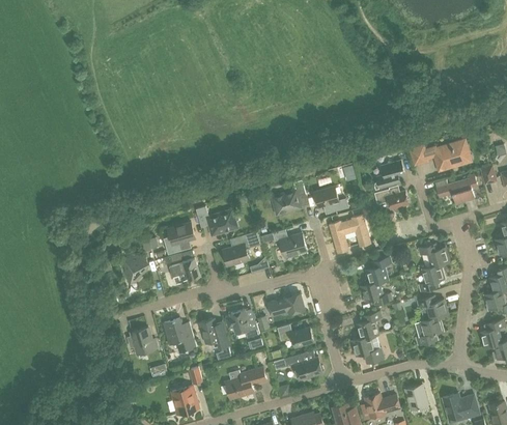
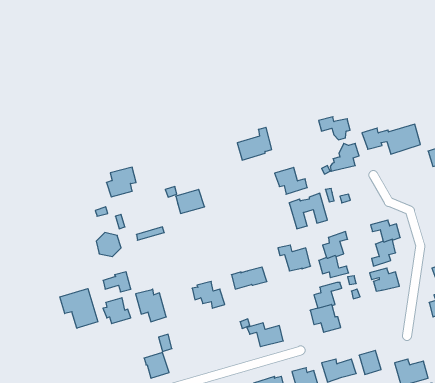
building: [434,173,478,203] -> none
building: [271,179,308,215] -> [237,127,272,160]
building: [373,189,407,214] -> [319,117,350,140]
building: [163,222,195,254] -> [106,167,136,197]
building: [272,229,307,257] -> [278,245,311,271]
building: [222,230,260,265] -> none
building: [169,258,199,280] -> [103,272,131,292]
building: [415,316,443,346] -> none
building: none -> [60,289,98,328]
building: [196,318,229,348] -> none
building: [277,323,313,346] -> none
building: [225,367,266,399] -> none

